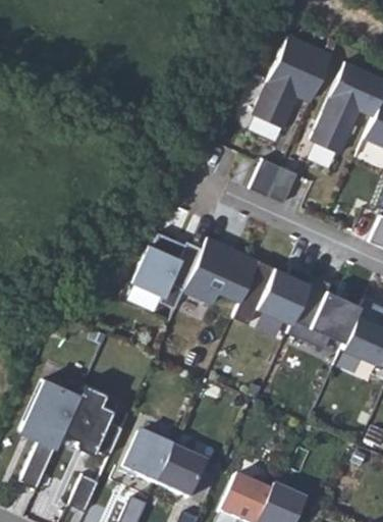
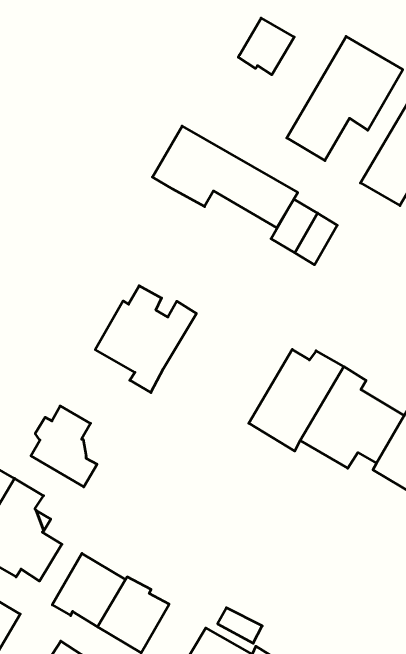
building: none -> [238,18,294,75]
building: none -> [152,126,298,228]
building: [182,237,259,305] -> none
building: none -> [31,406,97,487]

